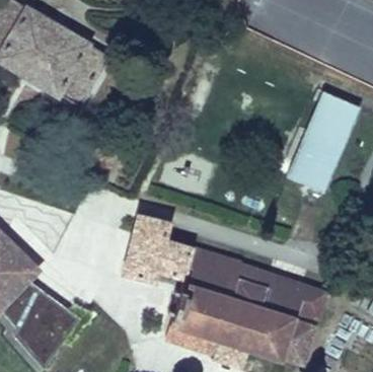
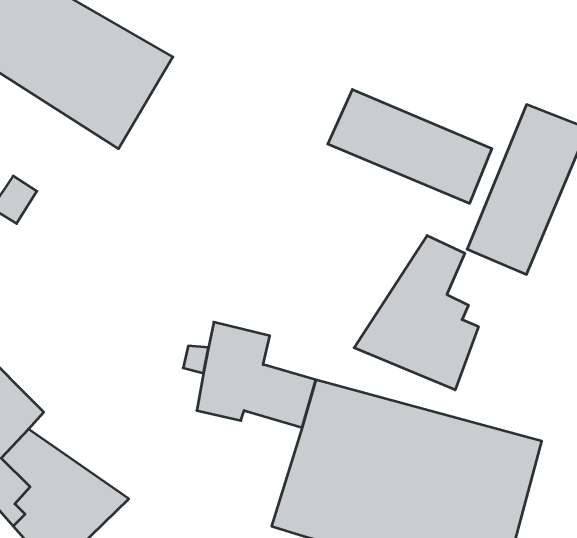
building: none -> [328,89,492,203]
building: none -> [354,235,478,390]

